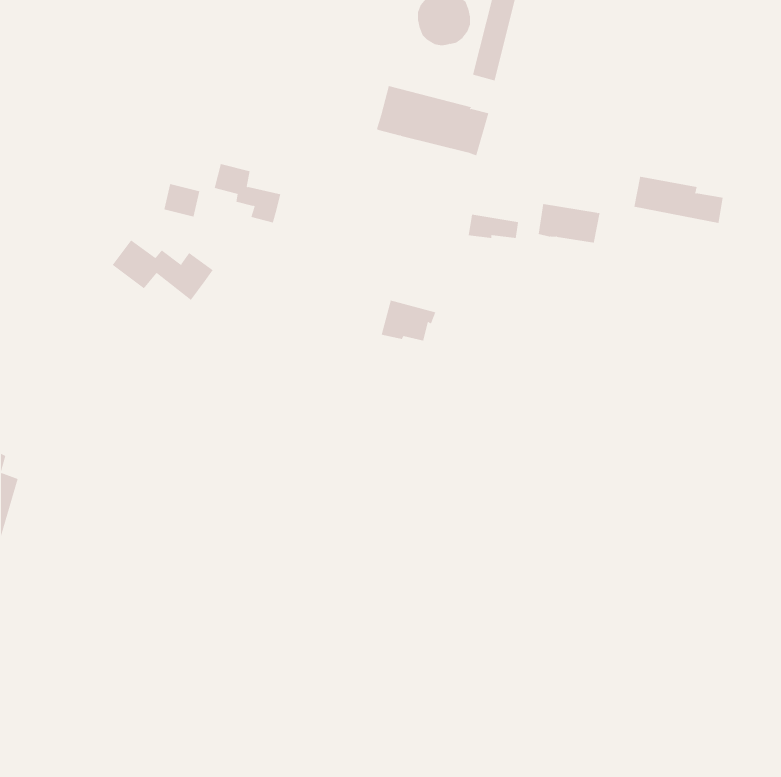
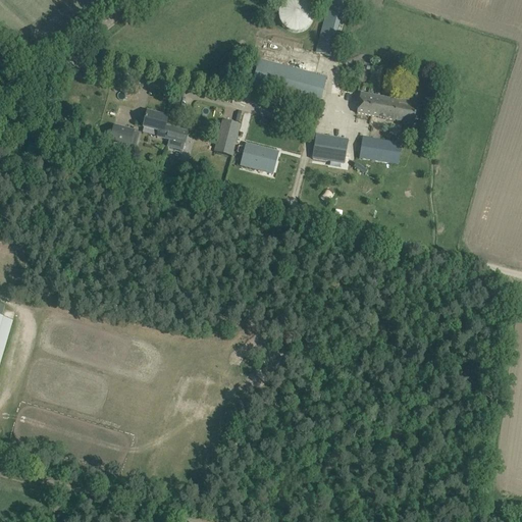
building: [633,176,724,224] -> [356,91,416,122]
building: none -> [214,118,240,154]
building: [112,239,213,301] -> none
building: [381,300,436,341] -> [240,141,276,168]

